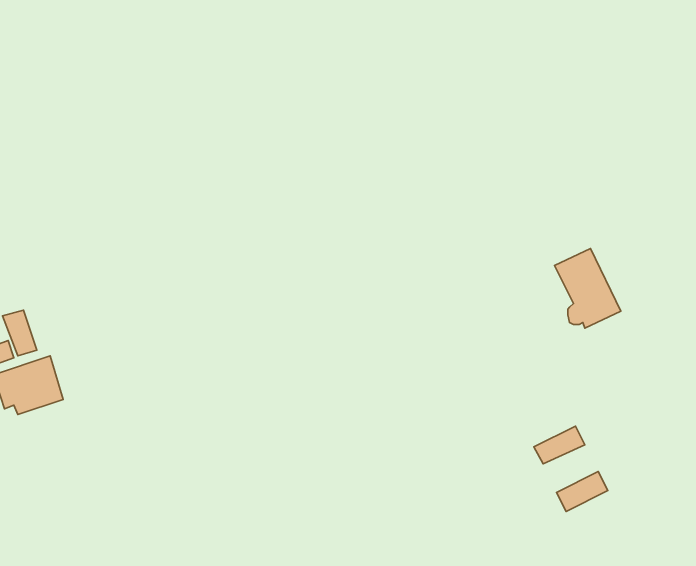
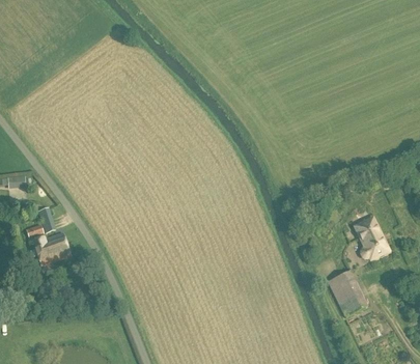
building: [554,248,621,328] -> [353,216,389,259]

